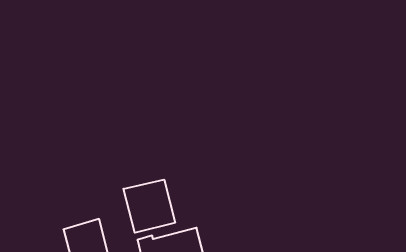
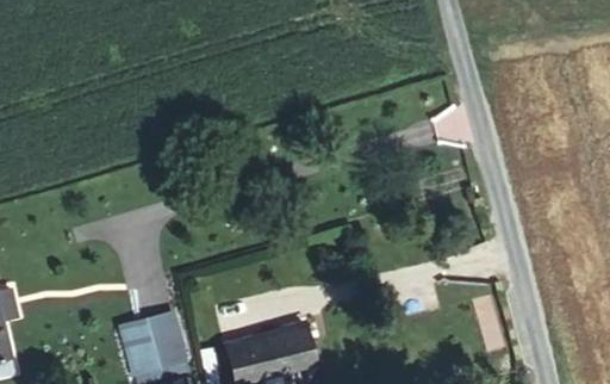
building: [123,180,175,233] -> none

